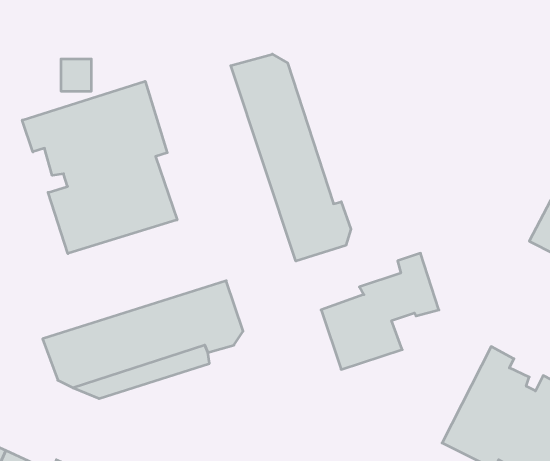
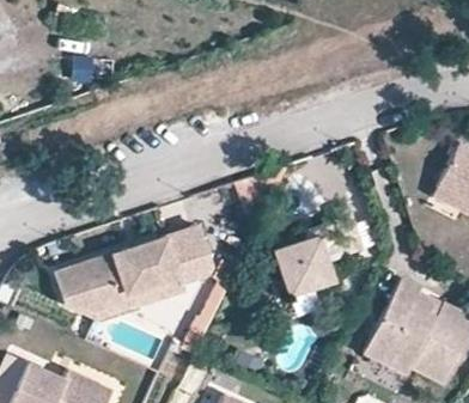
building: [231,54,351,261] -> none
building: [22,81,177,254] -> none

